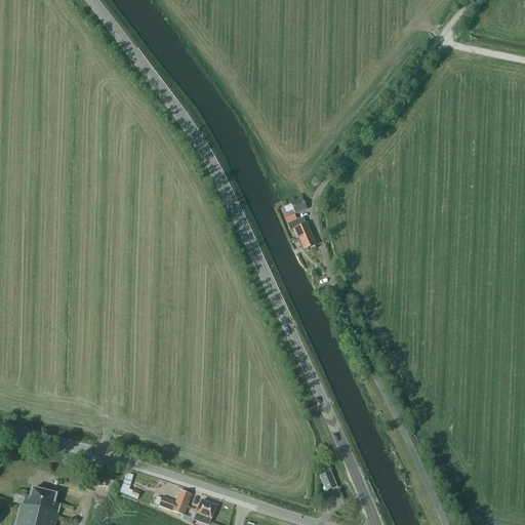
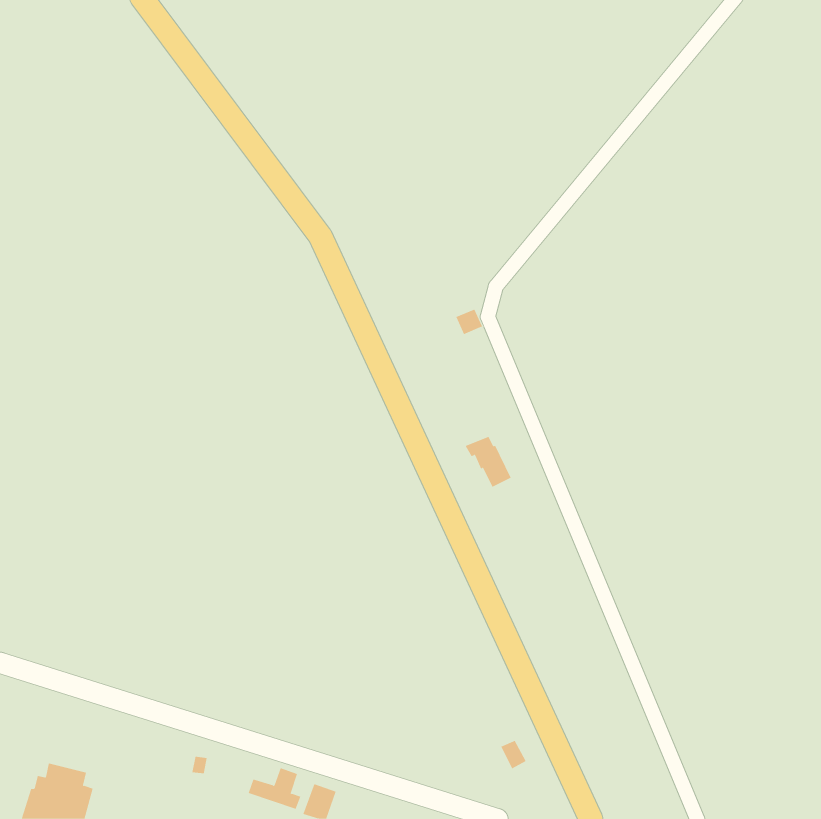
building: [287,216,317,249] -> [465,436,511,488]

